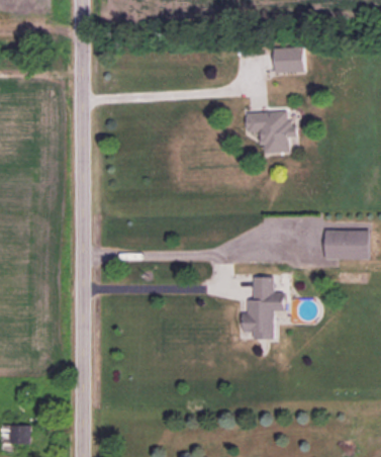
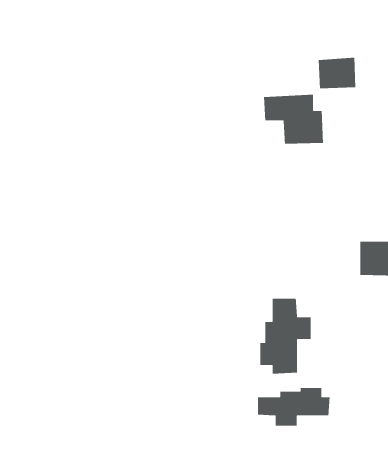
building: [273,47,304,73] -> [318,57,356,89]
building: none -> [257,387,330,426]

